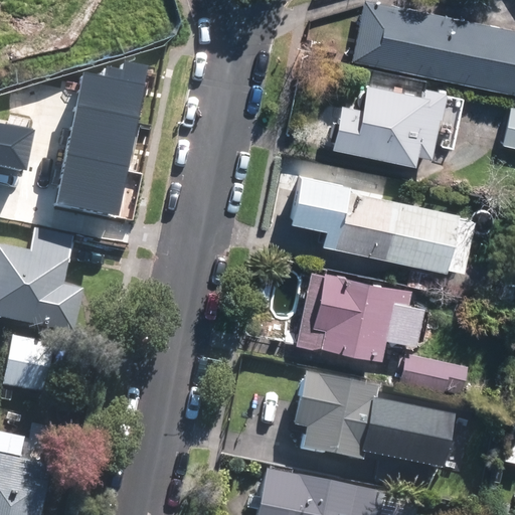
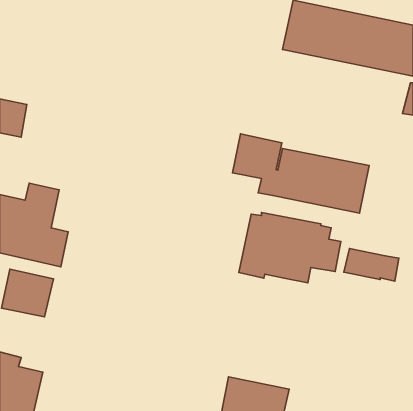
building: [55,64,150,222] -> none
building: [334,81,448,162] -> none
building: [398,353,467,393] -> [344,249,399,281]
building: [295,371,454,467] -> none

